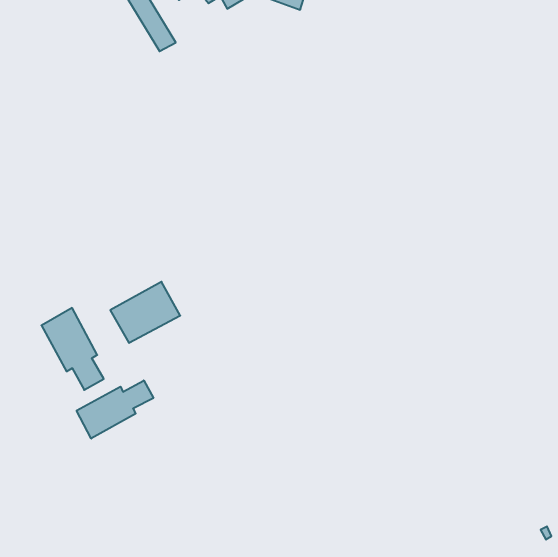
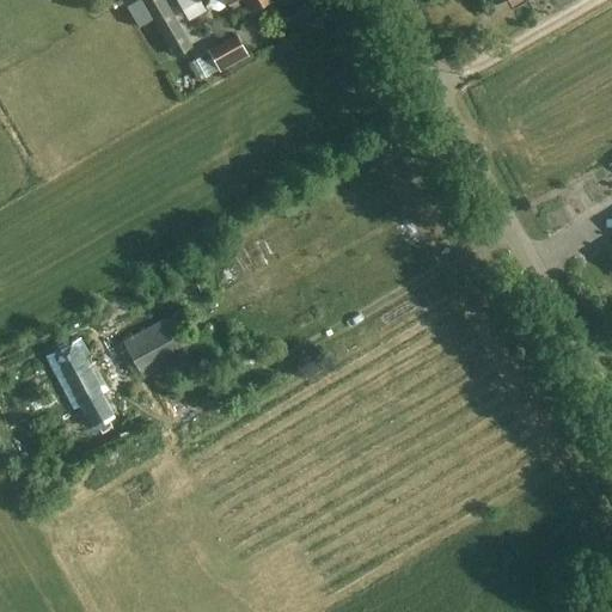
building: none -> [208,33,247,69]
building: [77,380,153,439] -> none

